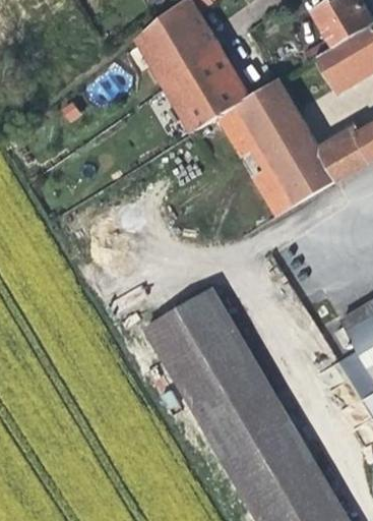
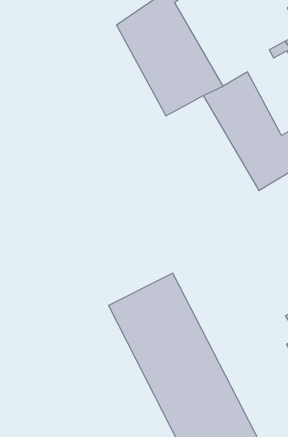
building: [219,109,297,217] -> none

